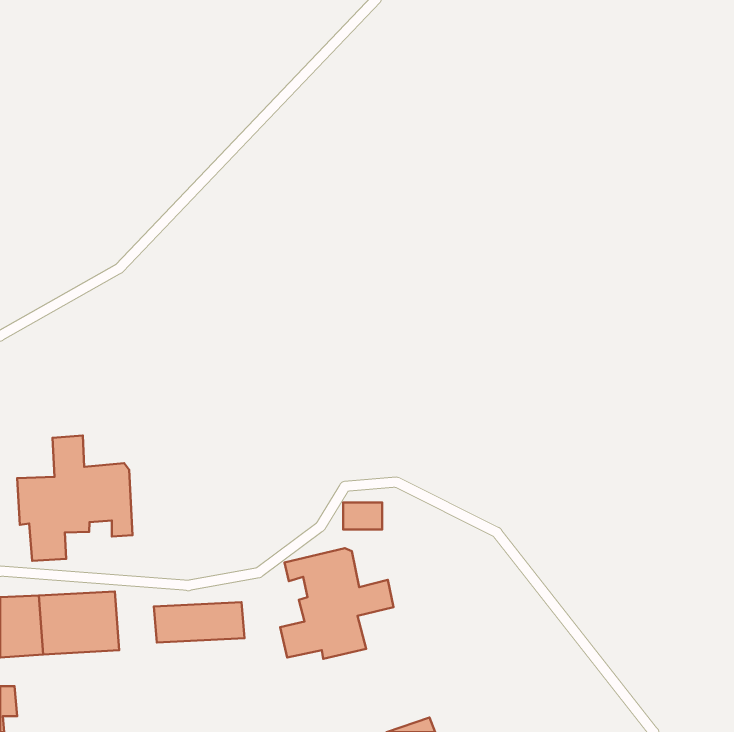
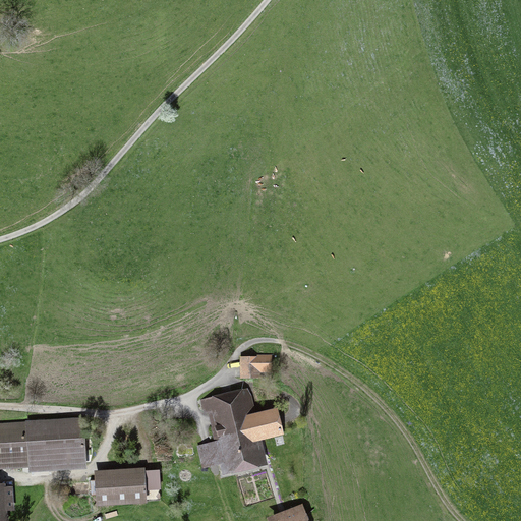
building: [17,436,133,561] -> none
building: [154,602,244,642] -> [97,472,161,501]

